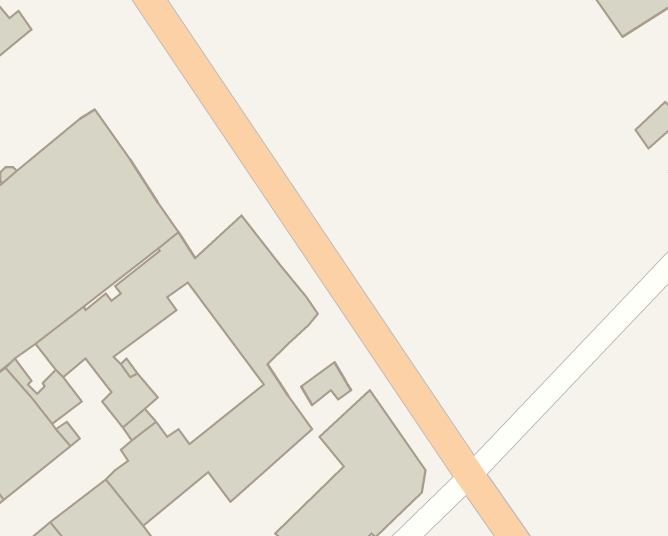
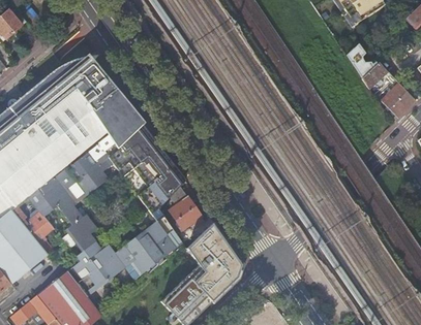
building: none -> [61,55,146,149]
building: none -> [169,186,194,220]

